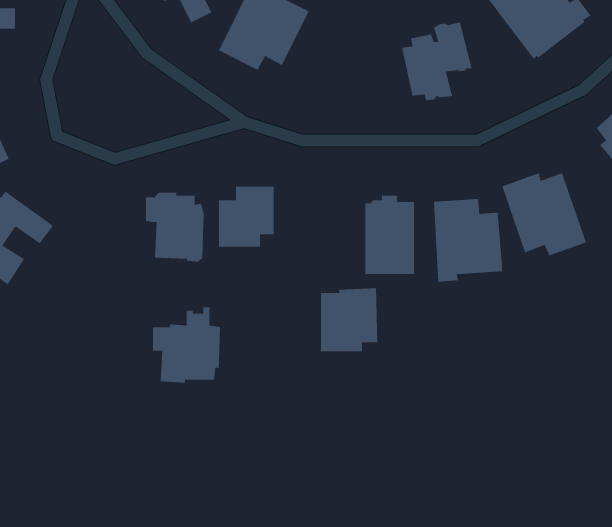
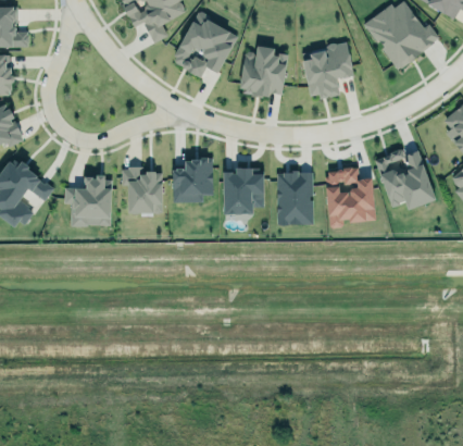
building: none -> [239,46,290,98]
building: [320,288,378,352] -> [224,168,265,213]
building: [152,307,221,383] -> [63,171,112,225]

